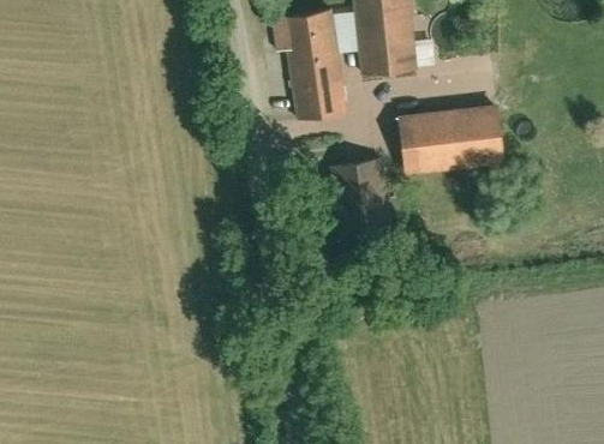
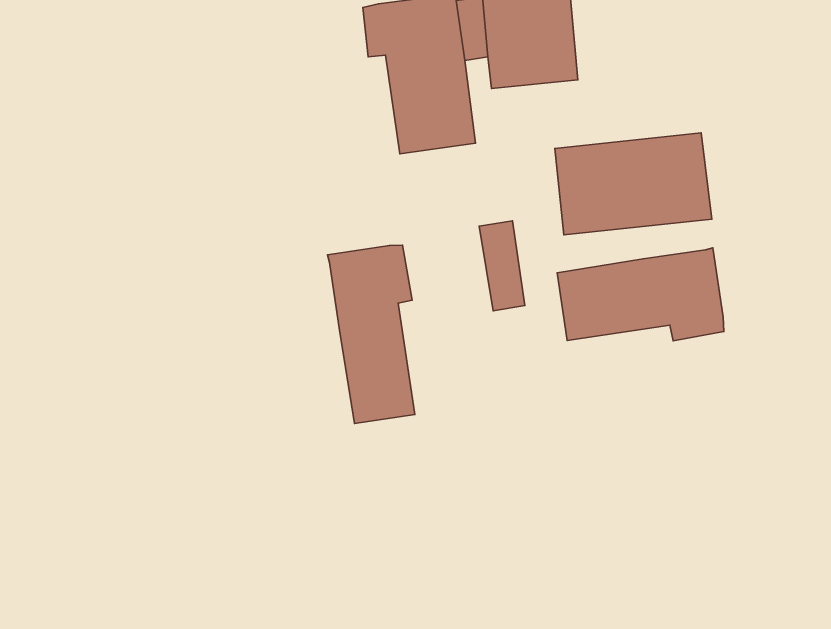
building: none -> [327,245,415,423]
building: none -> [557,248,724,341]

